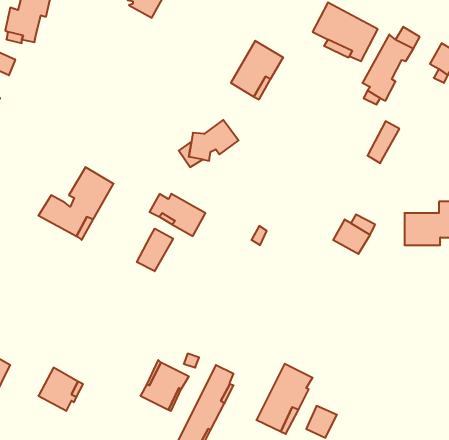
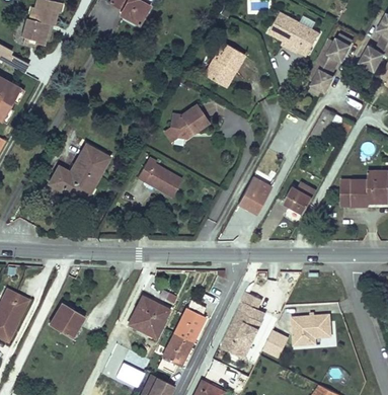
building: none -> [238,176,271,214]
building: [137,229,173,271] -> none
building: none -> [292,316,331,347]

